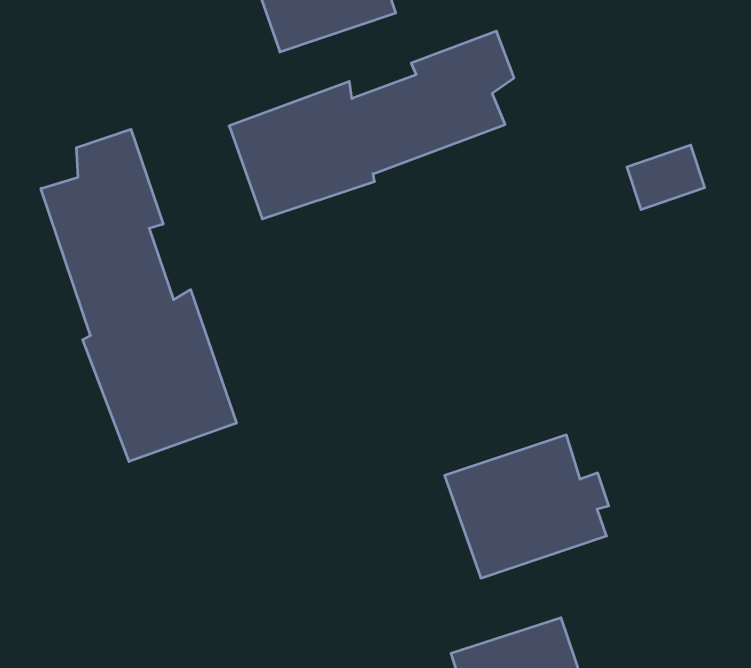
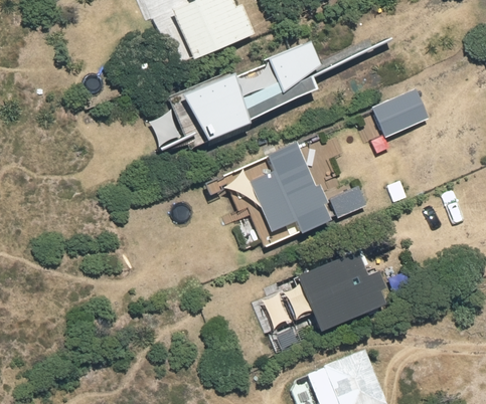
building: [41,129,236,462] -> none
building: none -> [251,143,330,233]

